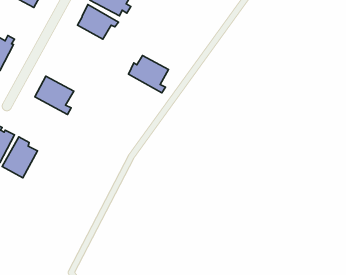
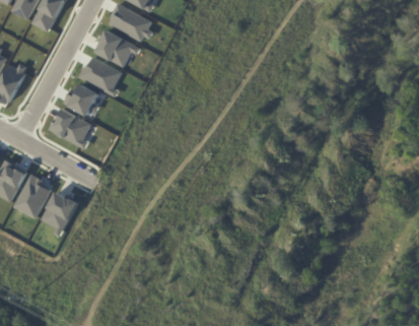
building: none -> [64,84,99,116]
building: [128,55,168,93] -> [78,57,122,97]
building: none -> [41,192,78,237]

